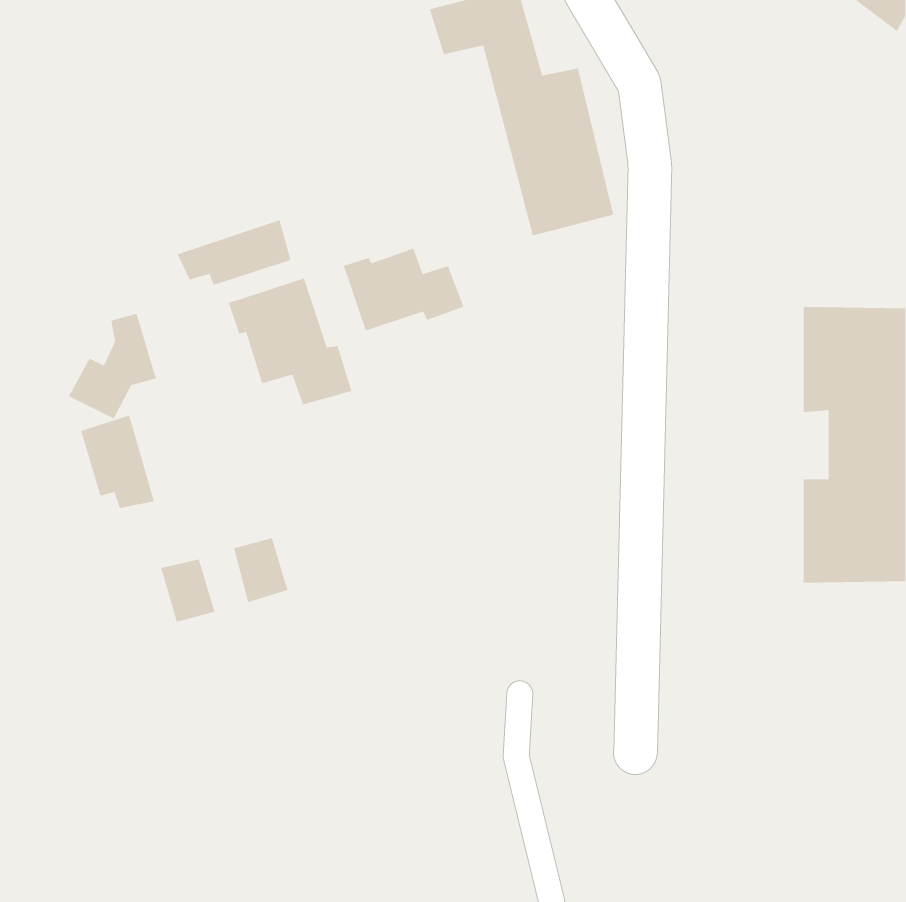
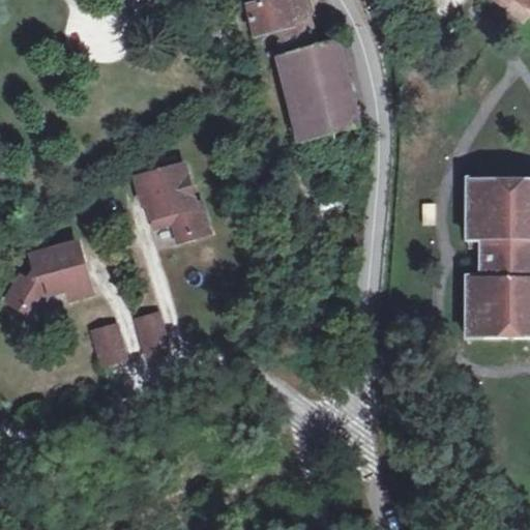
building: [177,219,292,286] -> none
building: [343,248,465,332] -> none
building: [68,313,157,420] -> [6,251,58,313]

